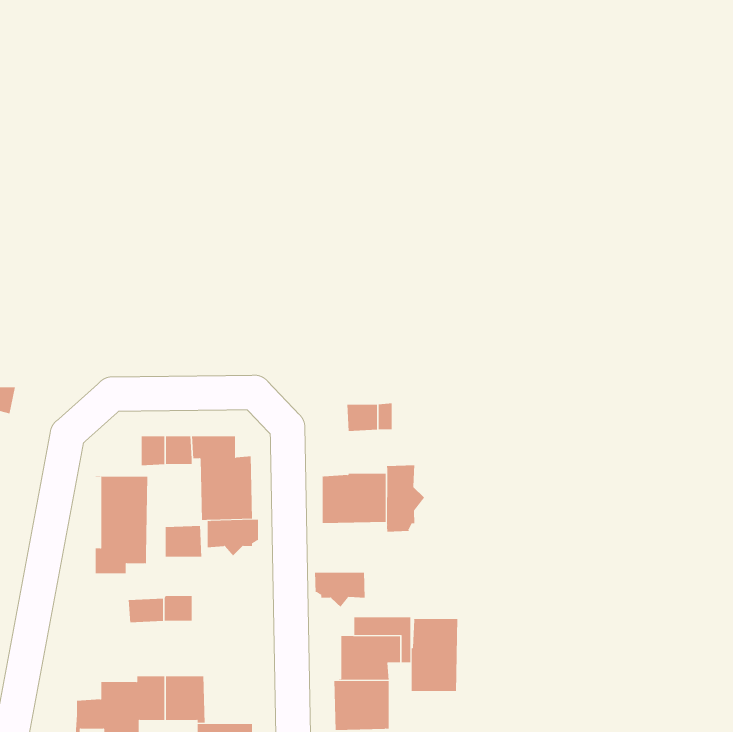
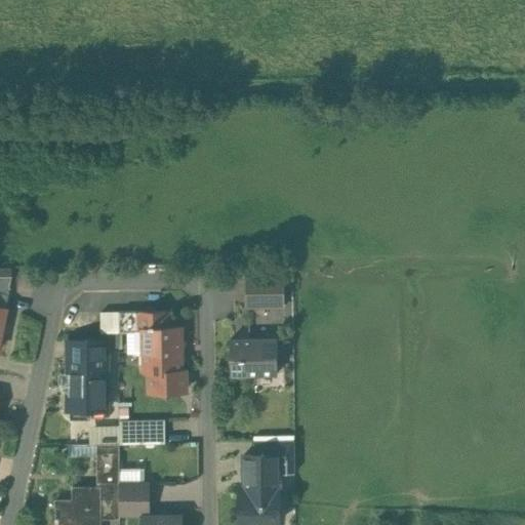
building: [387,465,425,532] -> none
building: [165,525,202,557] -> [137,422,164,445]
building: [315,572,365,608] -> none
building: [411,618,458,692] -> none
building: none -> [95,450,118,484]

